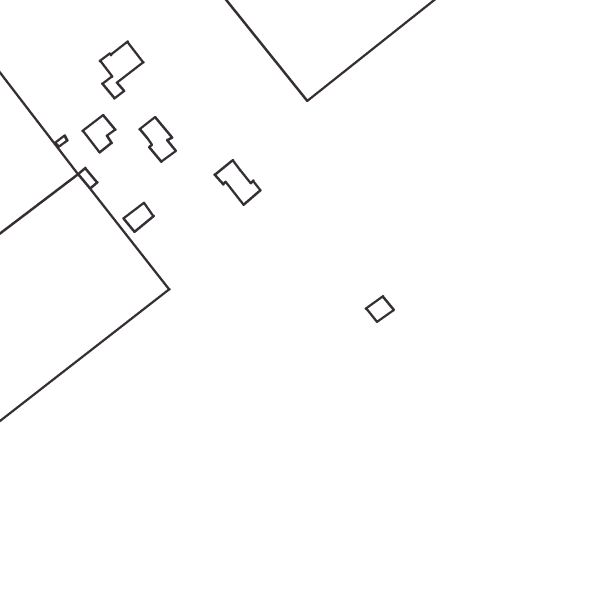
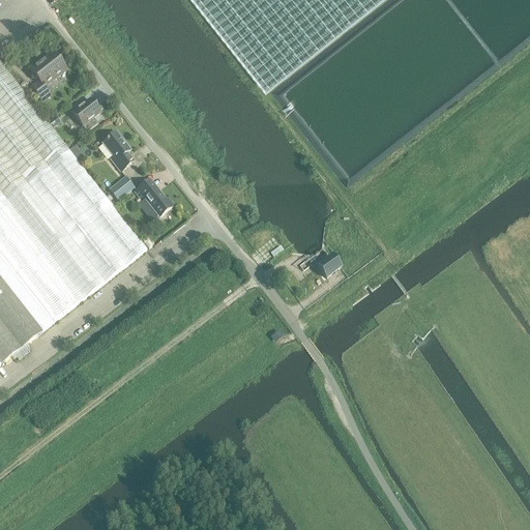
building: [100,42,143,98] -> [28,52,65,100]
building: [140,117,176,162] -> [100,132,131,171]
building: [215,160,260,205] -> [132,179,172,217]

